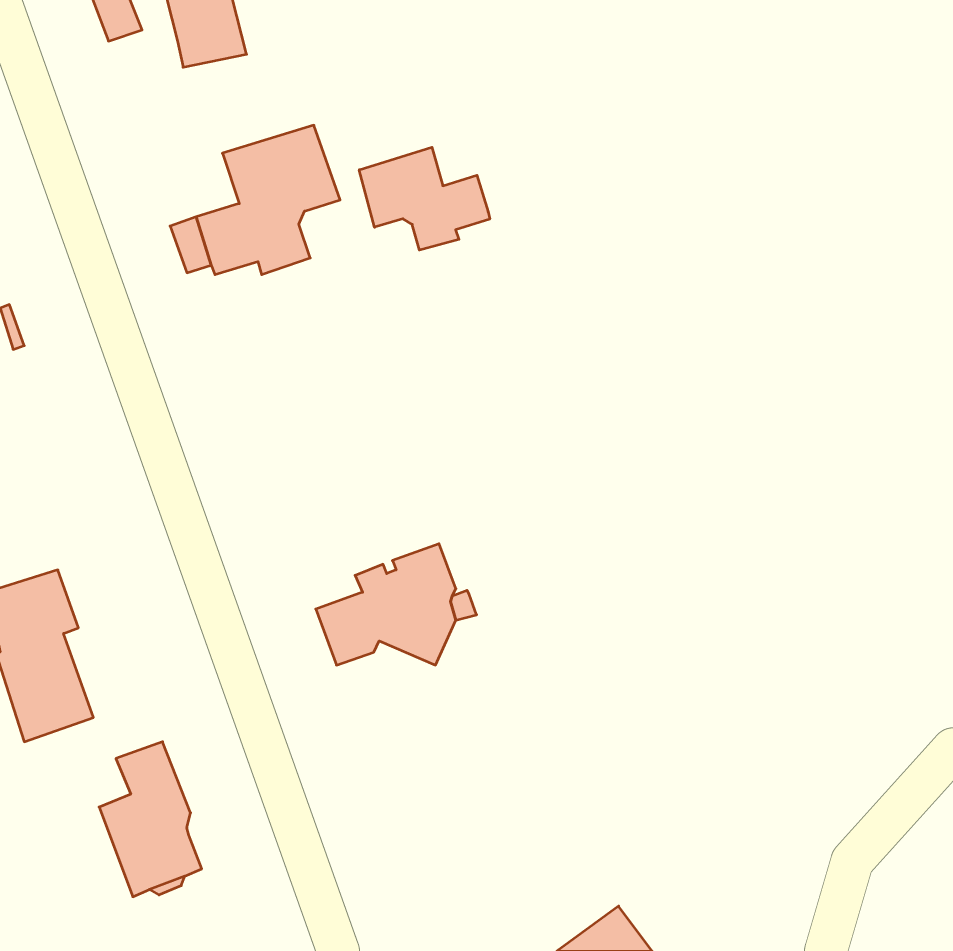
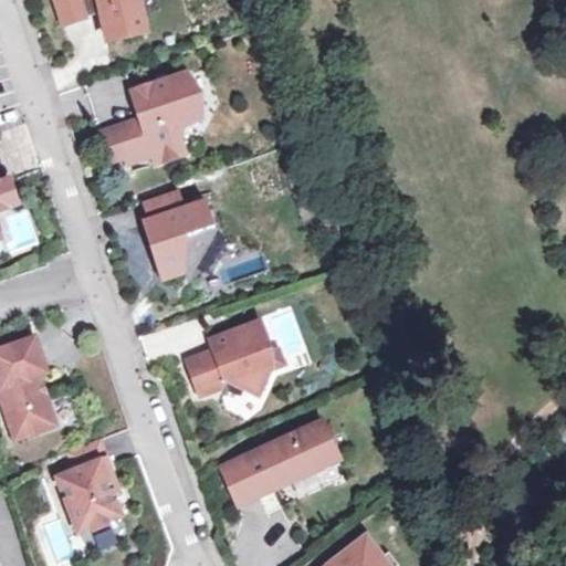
building: [359,147,490,250] -> none
building: none -> [143,191,213,281]
building: none -> [222,423,337,505]

